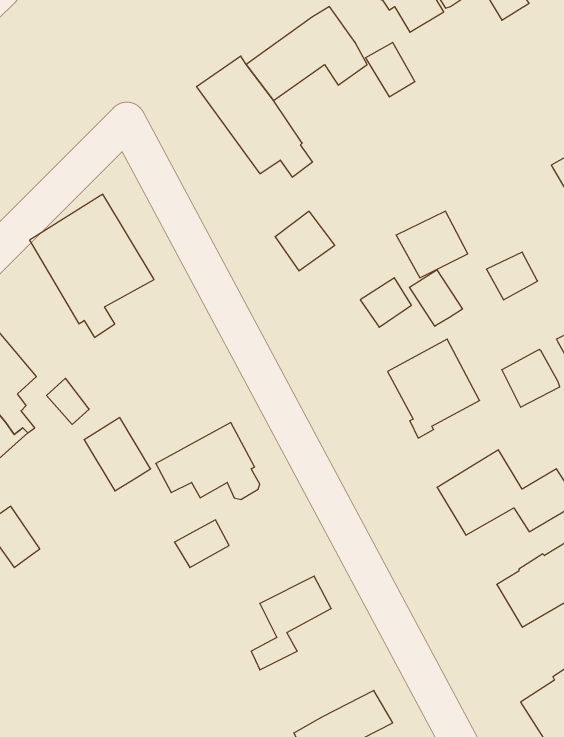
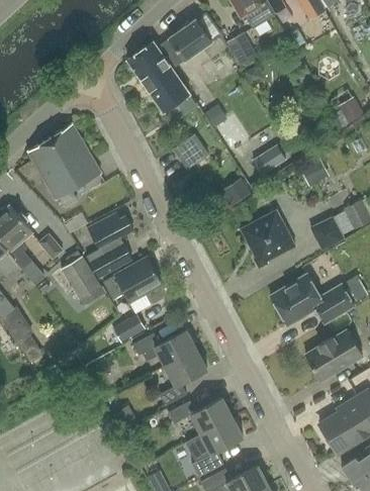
building: [409,270,462,326] -> none
building: none -> [86,215,132,280]
building: none -> [132,330,197,367]
building: none -> [169,398,233,434]

